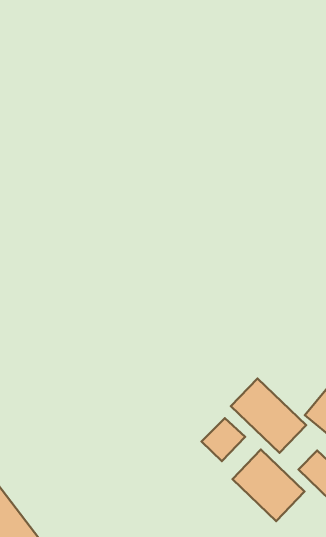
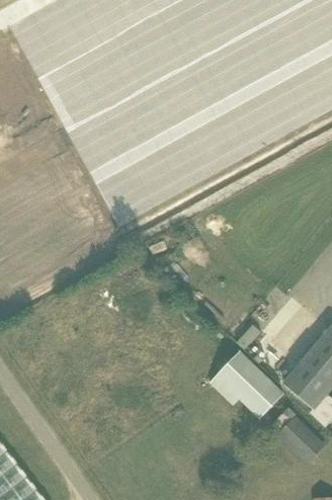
building: [201,418,245,461] -> none
building: [233,450,304,521] -> none

